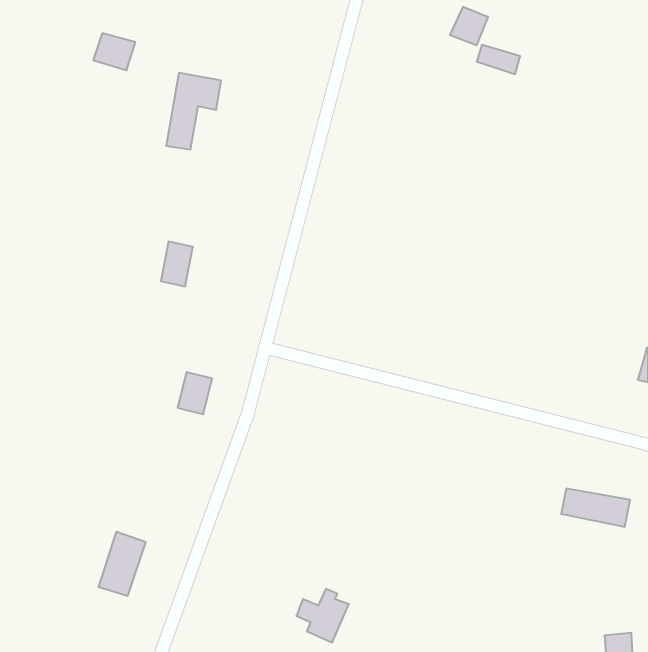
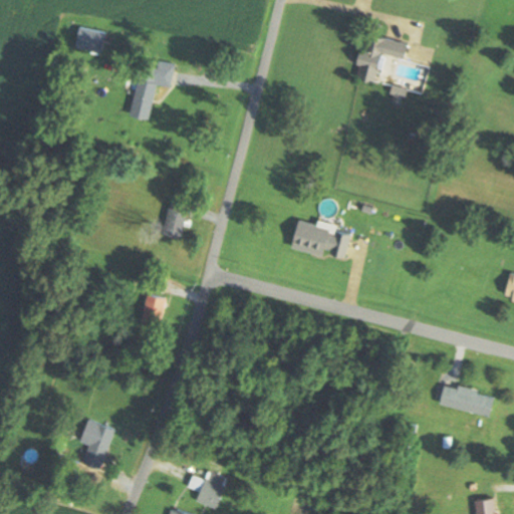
building: [450,7,488,45] -> [353,53,383,83]
building: [161,242,193,286] -> [163,203,188,238]
building: none -> [291,222,351,259]
building: [296,589,349,643] -> [187,467,228,509]

